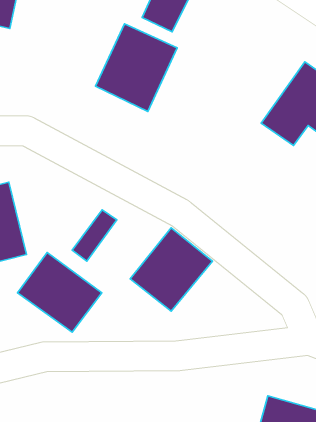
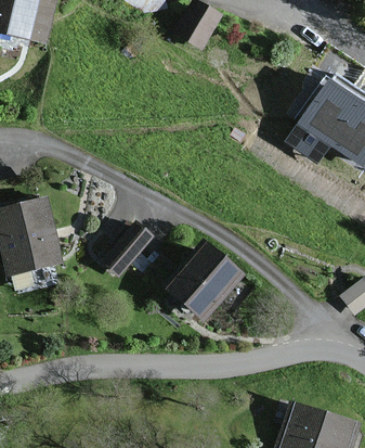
building: [96,24,177,111] -> none
building: [18,252,102,332] -> none

